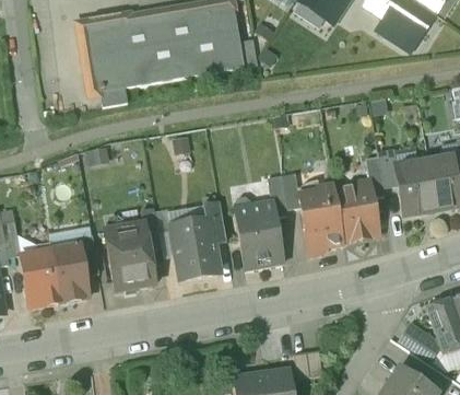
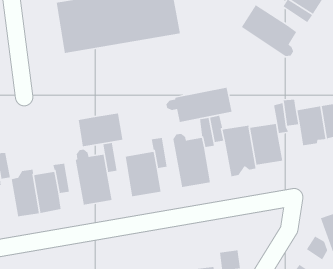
building: none -> [241,4,297,57]
building: none -> [166,87,232,123]
building: none -> [78,112,123,147]

